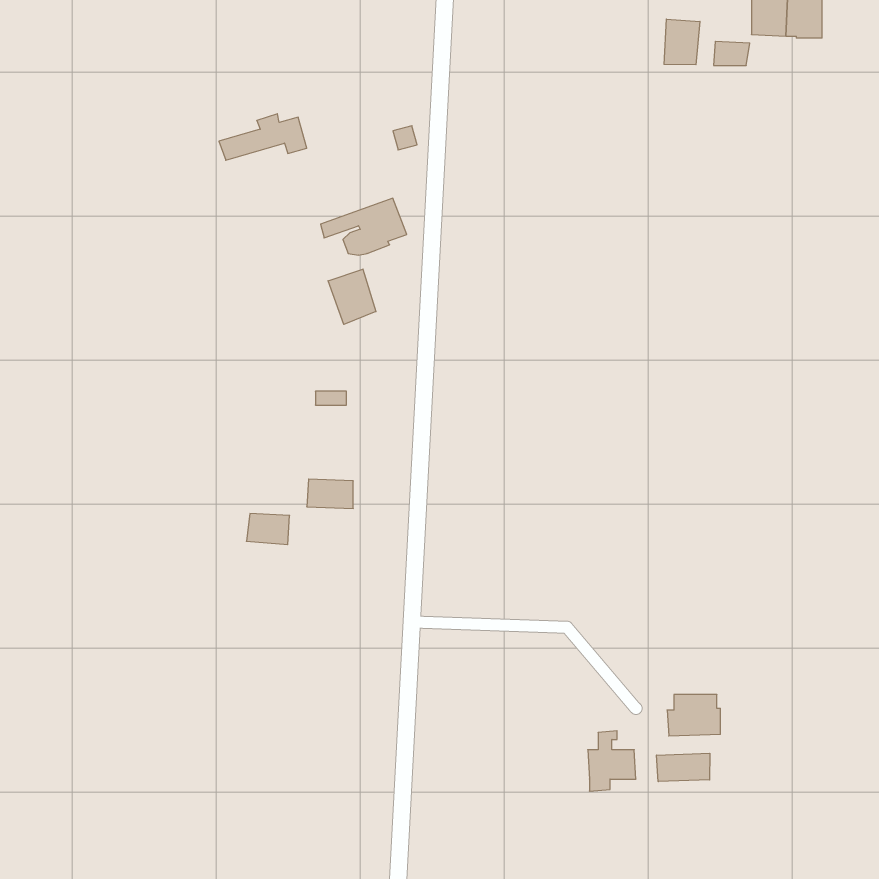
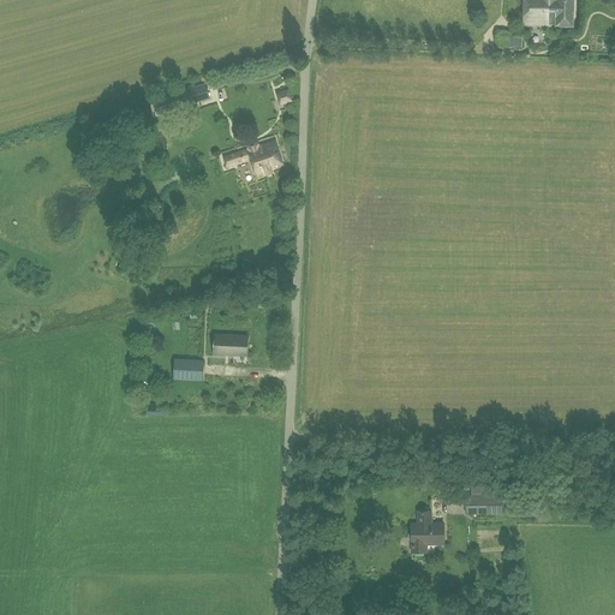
building: [664,19,700,65] -> none
building: [328,269,376,324] -> none
building: [657,753,710,782] -> none

